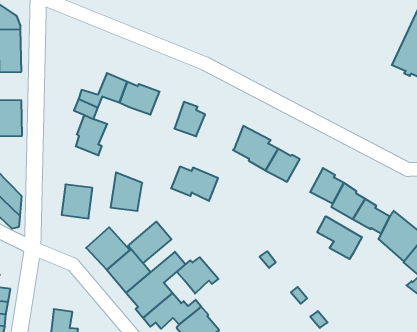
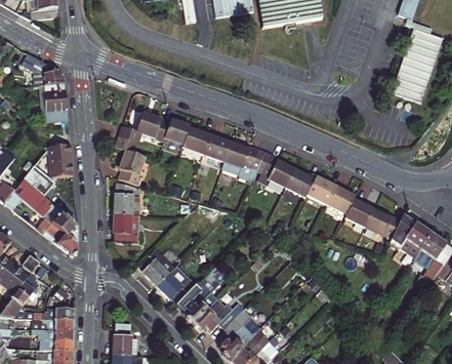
building: none -> [182,130,211,158]
building: none -> [307,175,336,203]
building: [171,167,218,201] -> [224,144,264,171]
building: [111,172,142,211] -> [115,184,140,215]
building: [317,216,362,259] -> none
building: [128,222,171,263] -> none
building: [177,257,218,294] -> none

